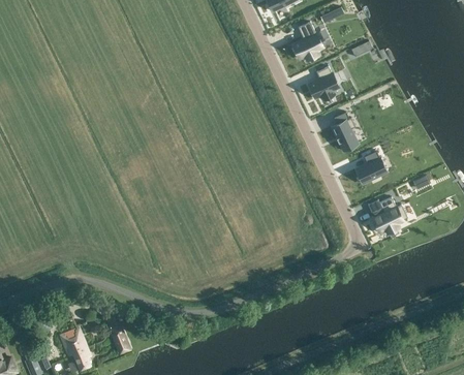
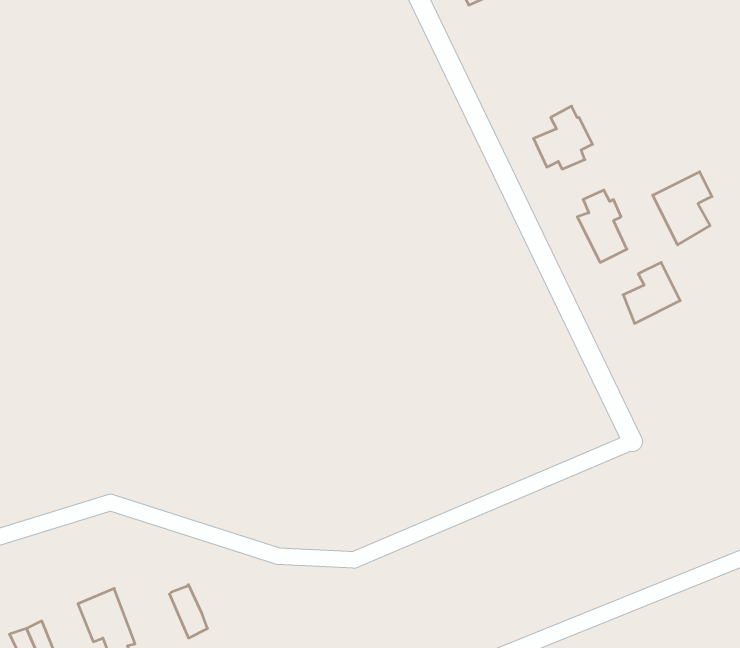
building: [291,21,323,59] -> none
building: none -> [653,172,712,245]
building: [371,195,407,232] -> none

